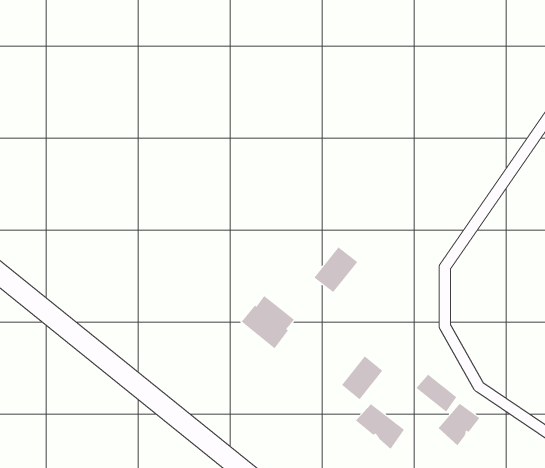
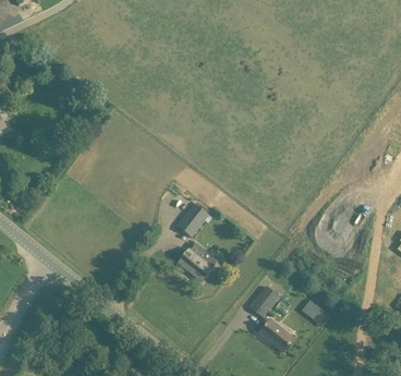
building: [313,247,358,293] -> [175,204,207,236]
building: [438,403,480,446] -> none

